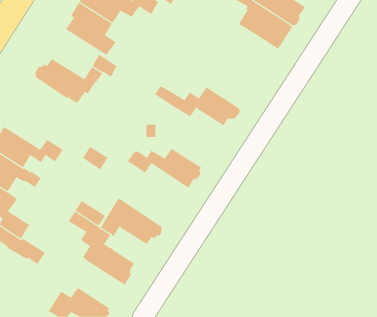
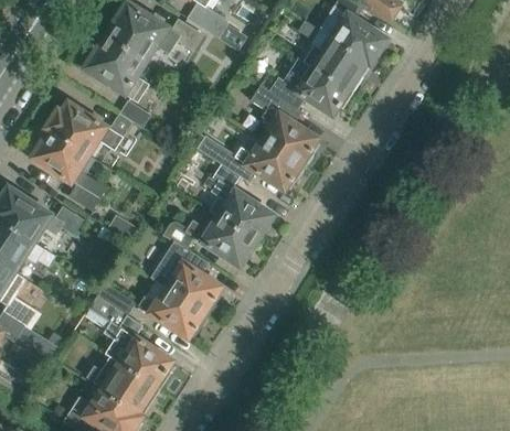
building: none -> [281,66,353,115]
building: none -> [252,85,318,166]
building: none -> [29,127,106,209]
building: none -> [210,164,274,240]
building: none -> [152,240,221,315]
building: none -> [81,356,161,417]

